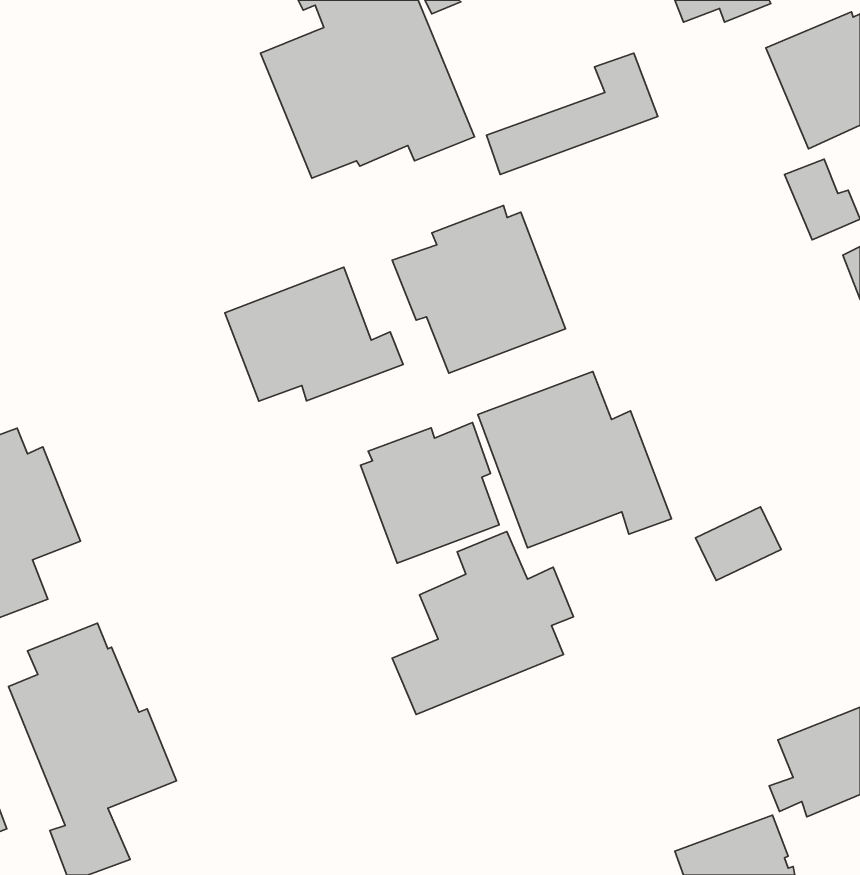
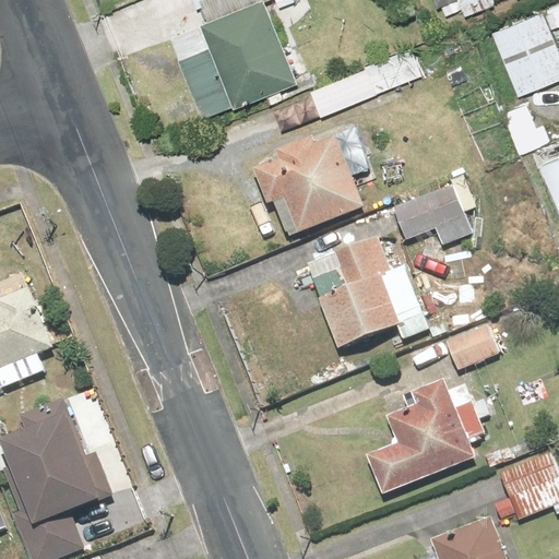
building: [225,267,403,401] -> none
building: none -> [391,180,473,246]
building: [361,422,499,563] -> none
building: [392,531,574,715] -> [368,376,484,492]

